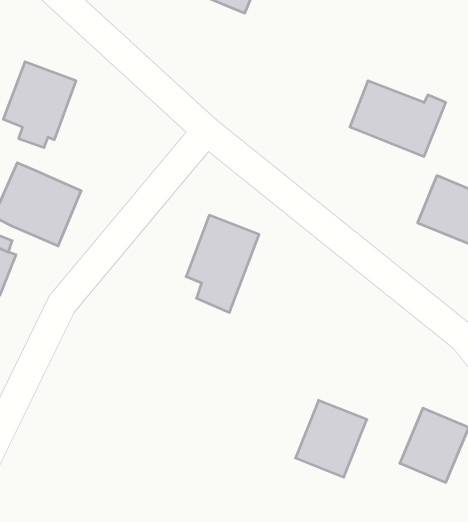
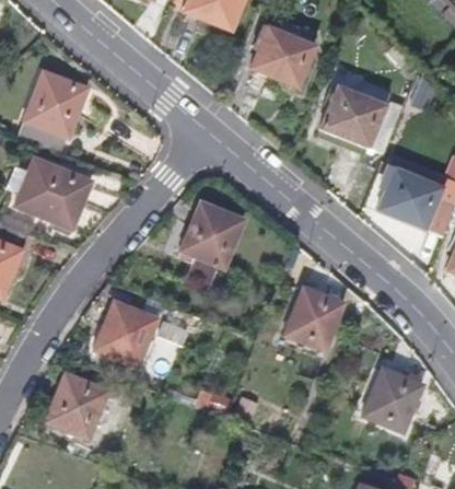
building: none -> [250,26,316,86]
building: none -> [94,301,156,365]
building: [295,400,367,477] -> [283,286,345,351]
building: none -> [46,373,107,438]

